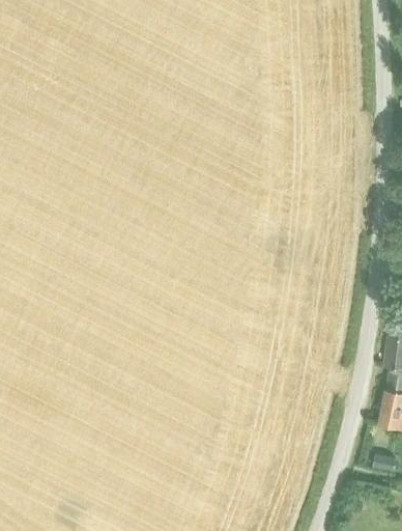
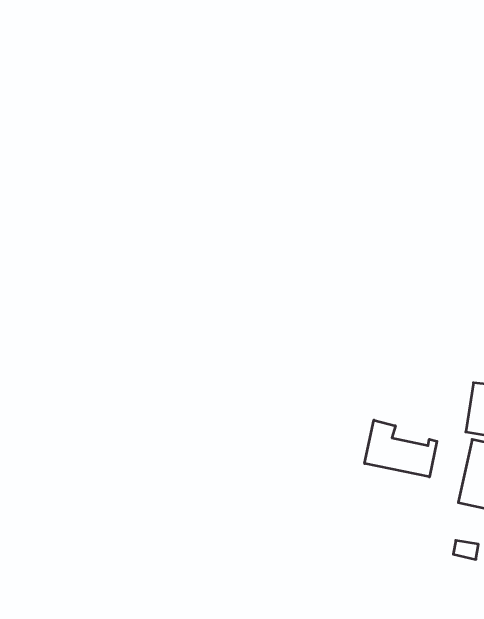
building: none -> [365,420,437,477]

